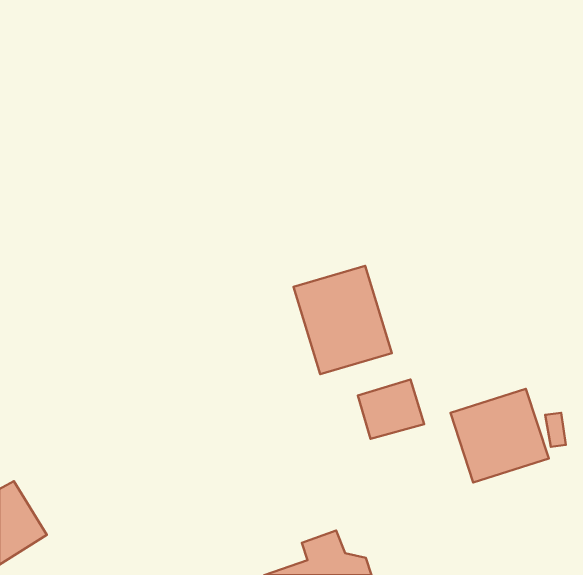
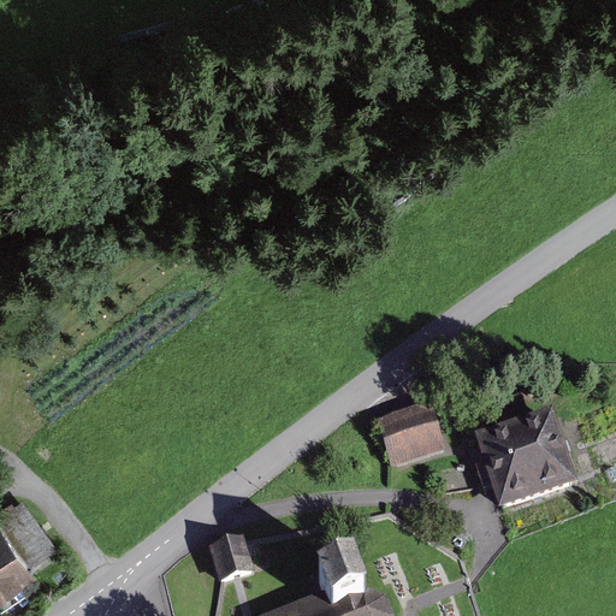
building: [293,266,392,374] -> none
building: none -> [211,533,255,579]

